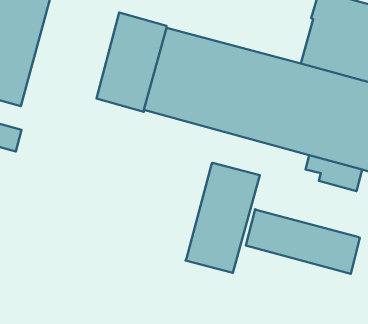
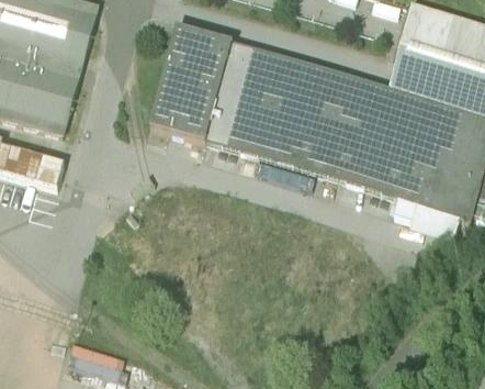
building: [185,163,260,273] -> none
building: [246,209,360,274] -> none

